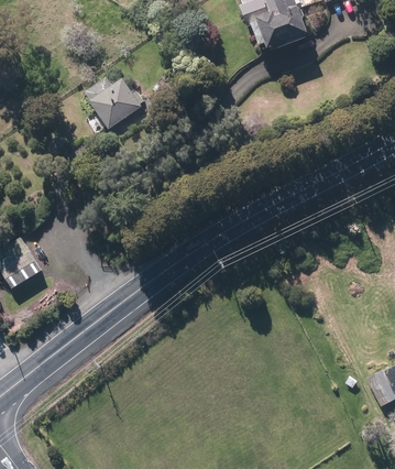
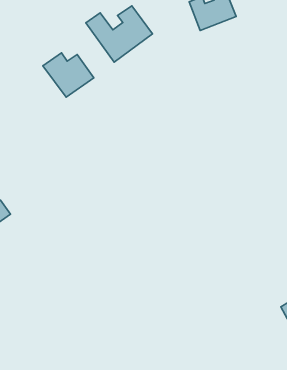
building: none -> [86,6,153,62]

